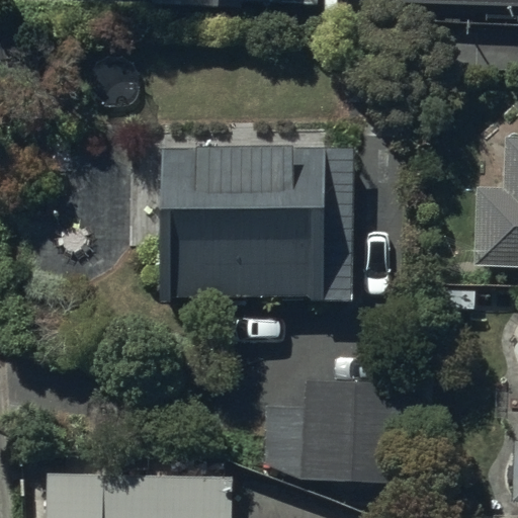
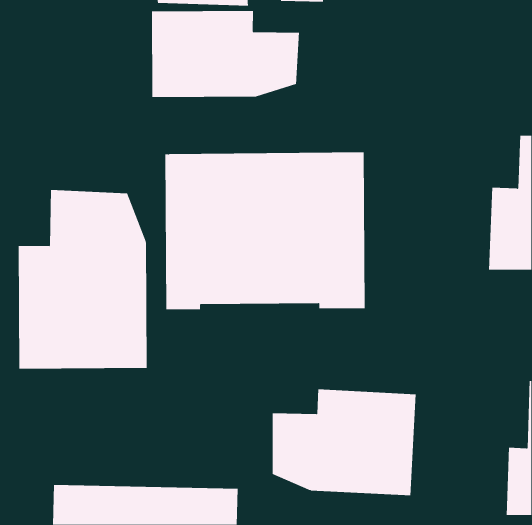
building: none -> [151,10,299,98]
building: none -> [18,189,147,369]

